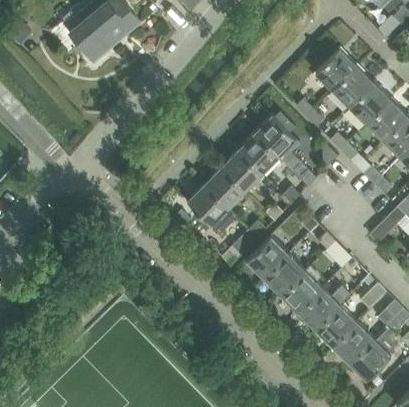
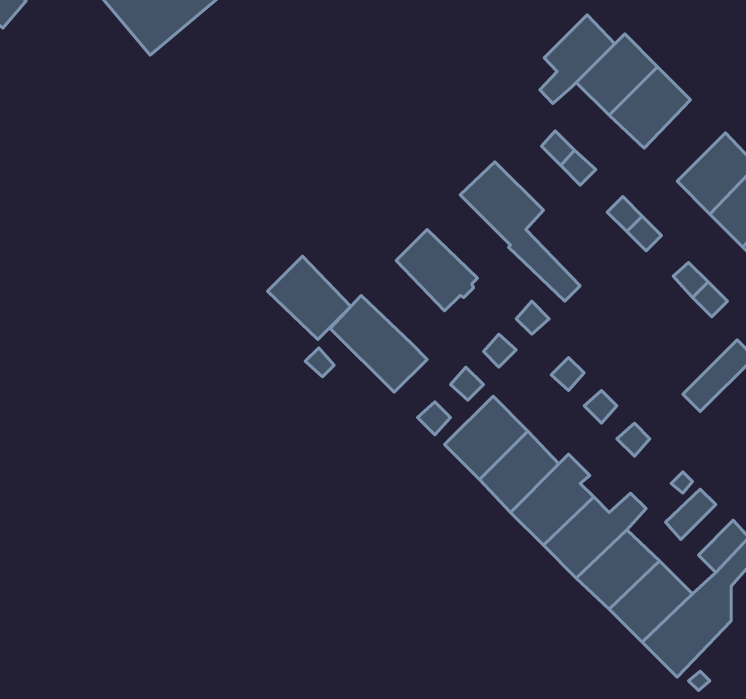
building: none -> [540,15,615,103]
building: [349,83,391,125] -> none
building: [237,132,280,175] -> none
building: [203,166,246,209] -> [267,256,351,340]

